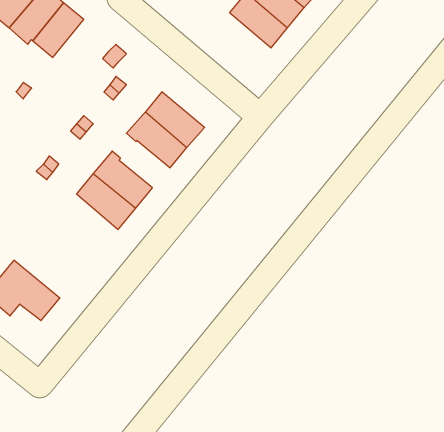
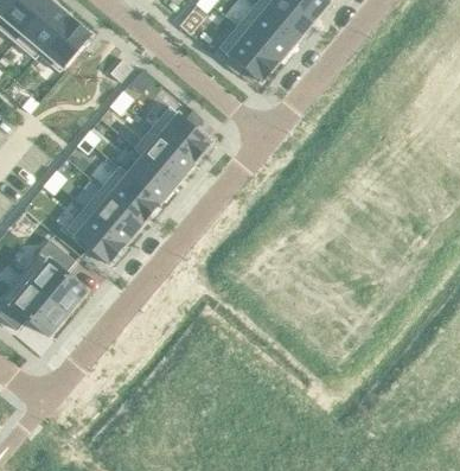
building: none -> [218,26,277,82]
building: none -> [126,154,177,202]
building: none -> [65,208,124,263]
building: none -> [20,238,85,312]

